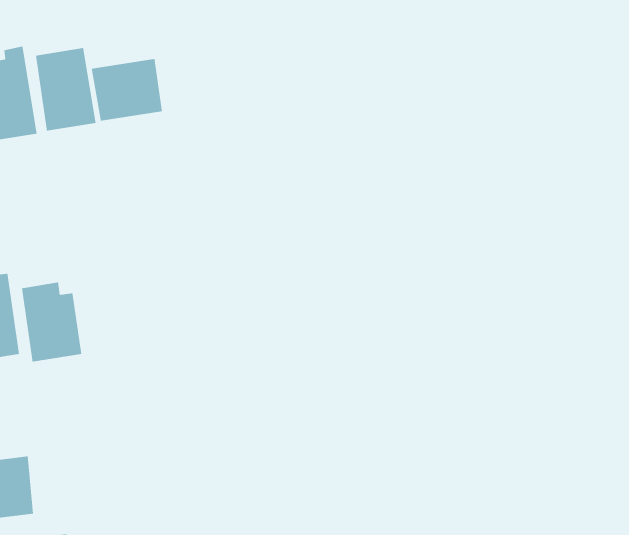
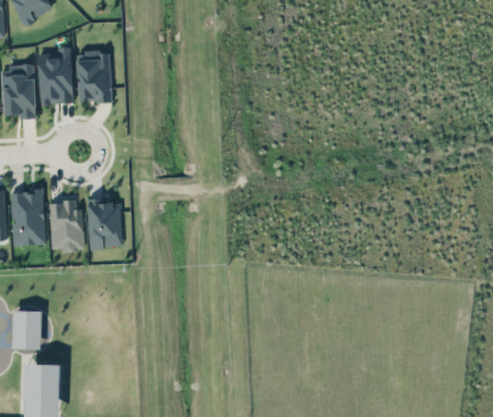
building: [91,58,163,121] -> none
building: none -> [88,198,122,246]

